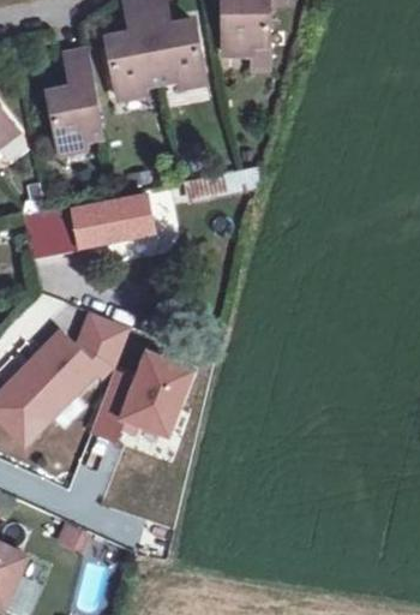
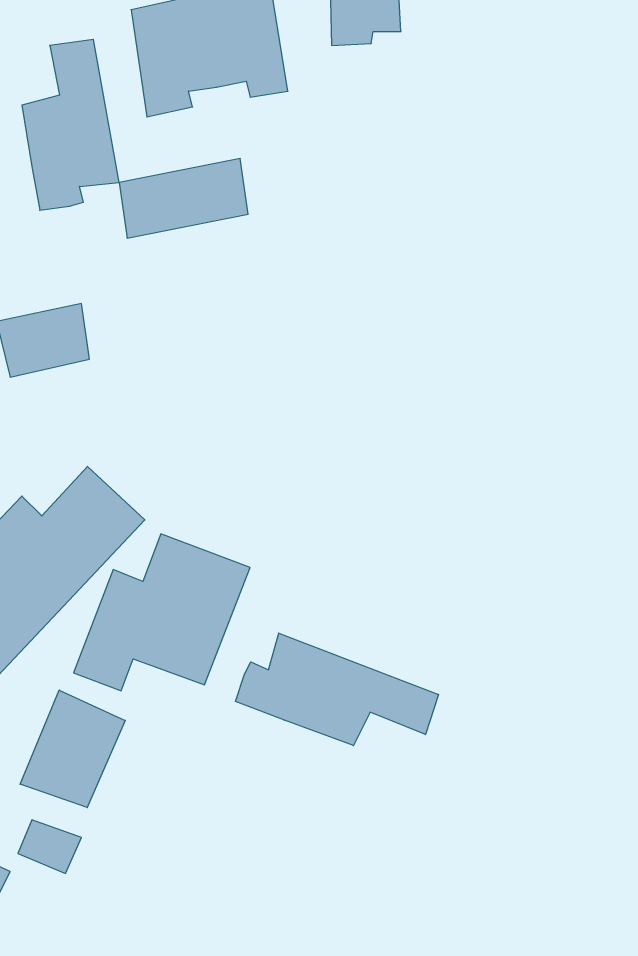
building: [79,196,157,244] -> [119,159,248,238]
building: none -> [236,633,438,746]
building: none -> [20,690,125,808]

